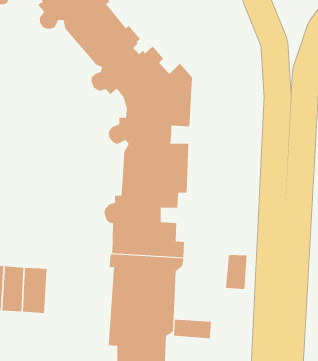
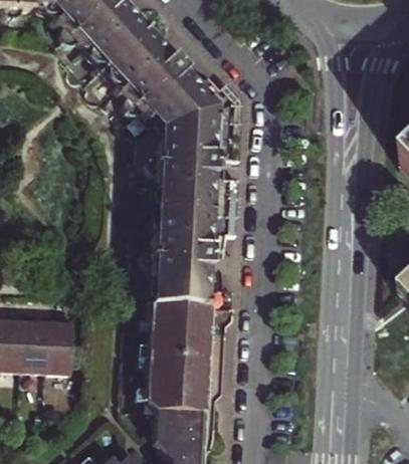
building: [226,254,247,290] -> none
building: [174,319,212,339] -> none

